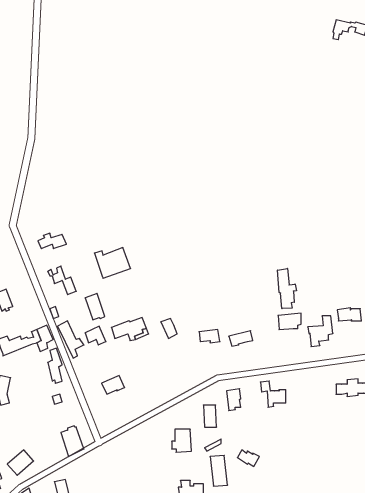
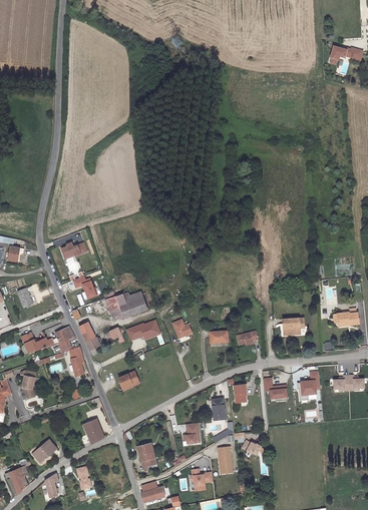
building: [94,248,131,278] -> [115,292,148,320]
building: [278,268,296,309] -> none
building: [308,316,333,347] -> [297,372,320,400]
building: none -> [137,442,157,472]

